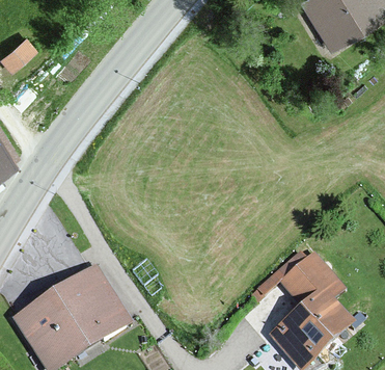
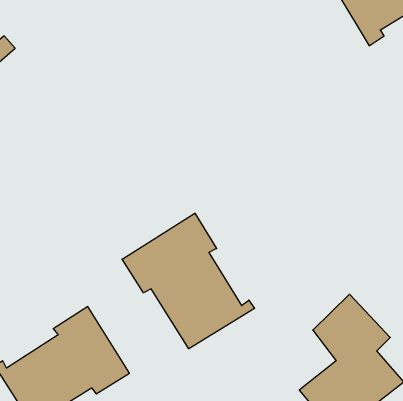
building: none -> [122,213,255,349]

